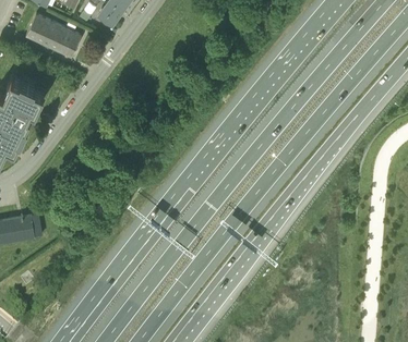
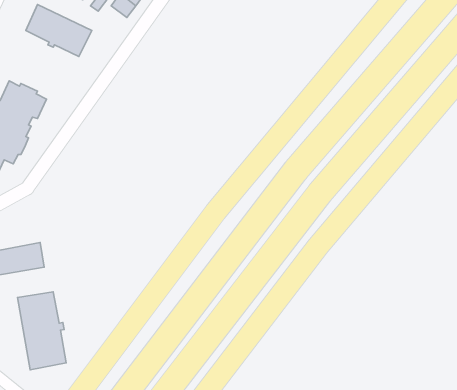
building: none -> [17,292,66,370]

